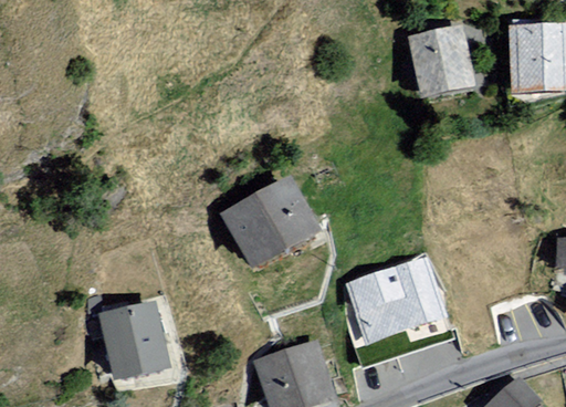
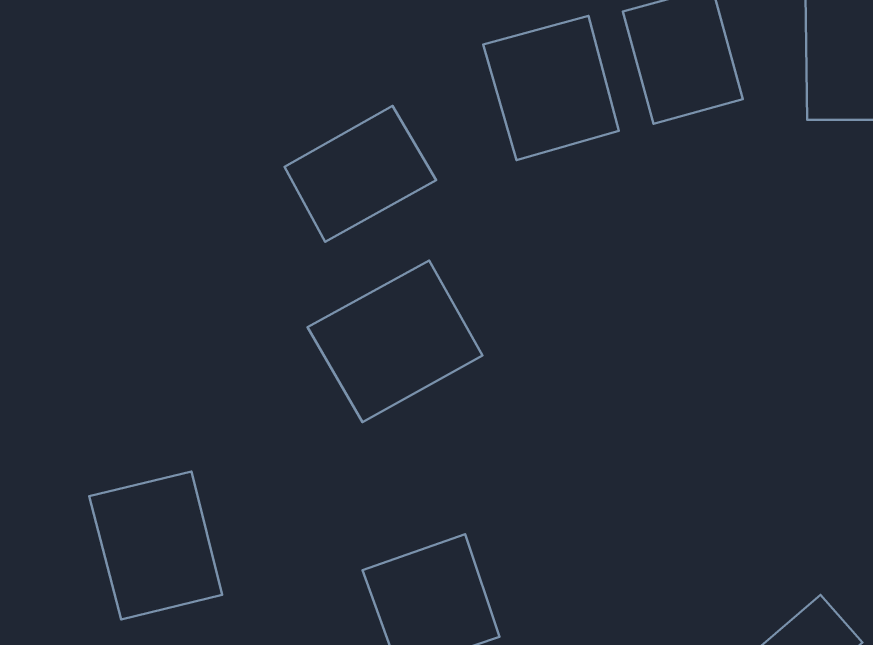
building: none -> [483,16,619,160]
building: none -> [285,106,436,242]
building: [346,251,451,356] -> none

